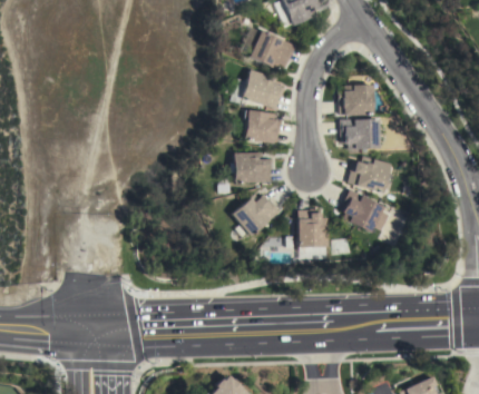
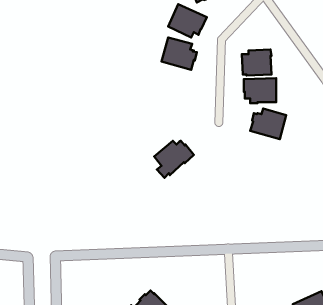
building: [244,109,282,144] -> none
building: [232,152,273,183] -> none
building: [341,189,390,233] -> none
building: [299,209,330,259] -> none

